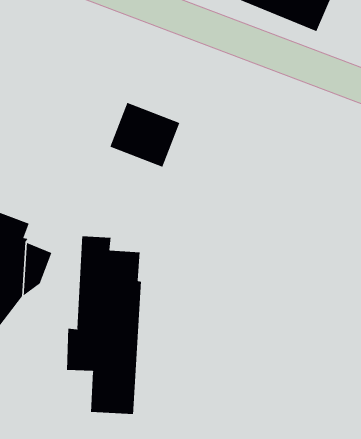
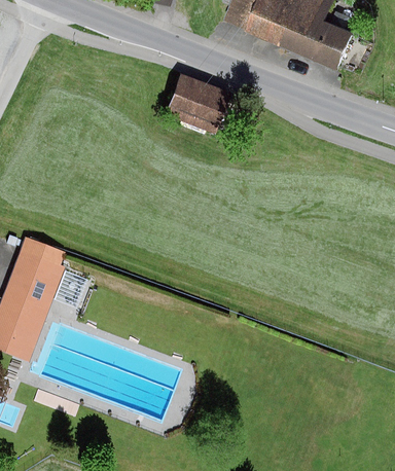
building: [109,102,180,167] -> [158,72,225,134]
building: [66,236,141,415] -> none

